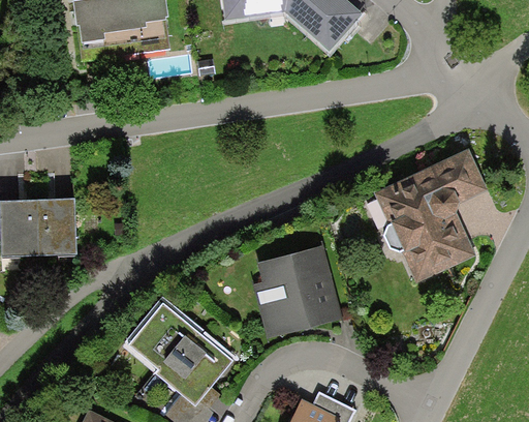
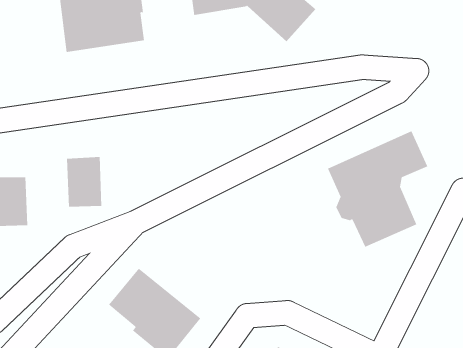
building: [36,199,76,255] -> [66,157,102,207]
building: [252,246,341,336] -> none

